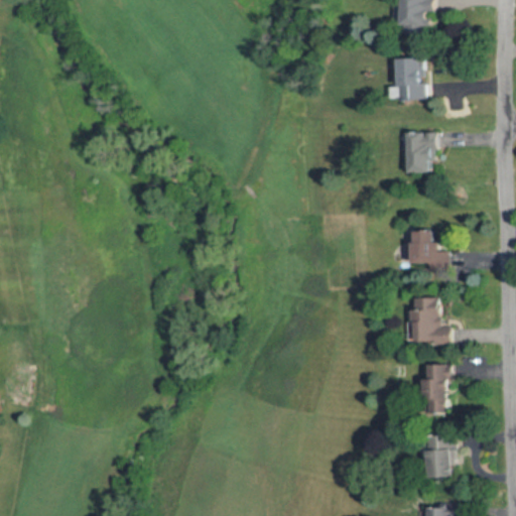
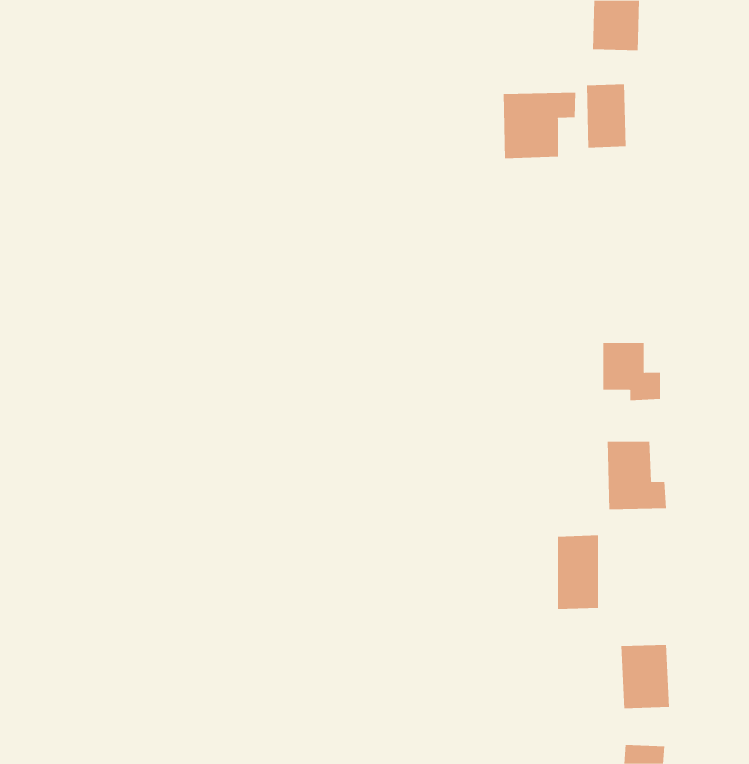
building: none -> [503,92,576,159]
building: [399,132,434,172] -> none
building: [422,364,450,414] -> [557,535,599,610]

